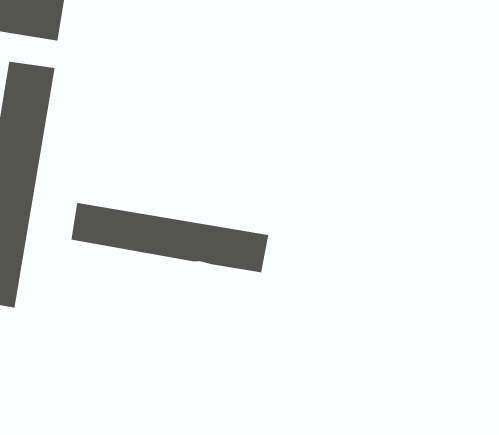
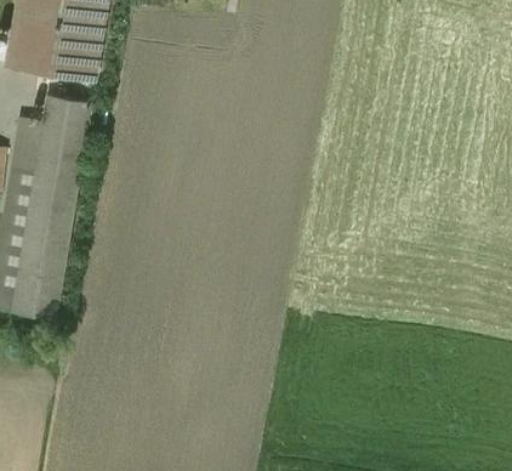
building: [71,202,269,273] -> none

